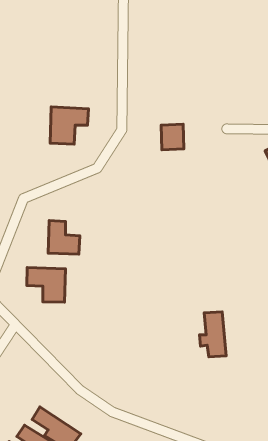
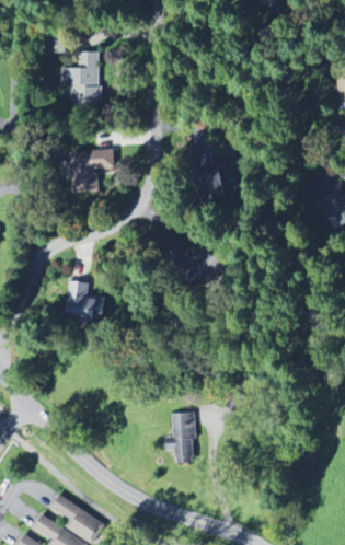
building: none -> [61,50,103,108]
building: [27,268,66,302] -> none
building: [199,312,226,357] -> [164,410,195,462]

